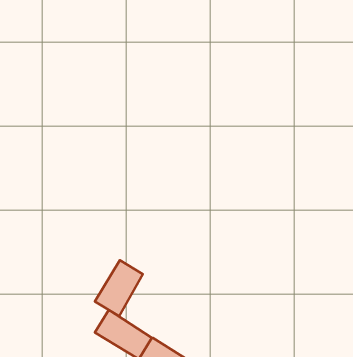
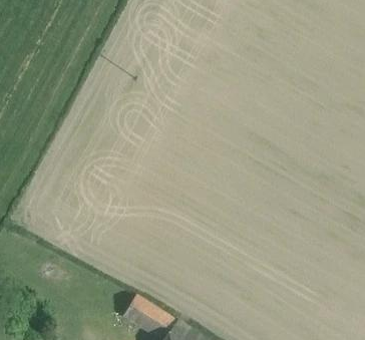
building: [95,260,143,316] -> none

